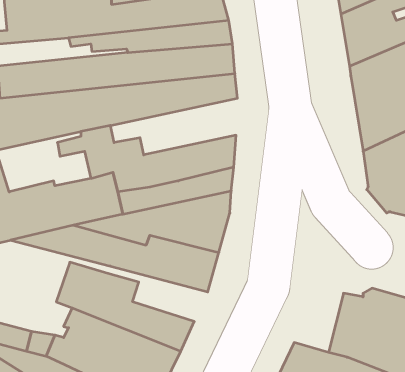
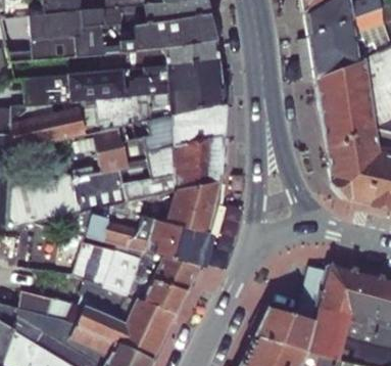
building: none -> [118,106,224,153]
building: none -> [116,245,199,291]

